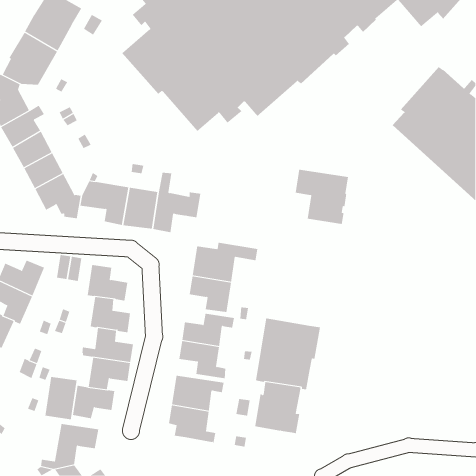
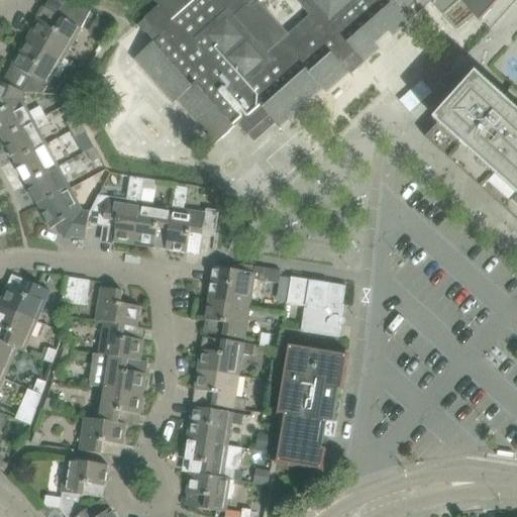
building: [295,169,349,224] -> [286,276,344,335]
building: [45,376,77,420] -> none
building: none -> [185,471,232,510]

